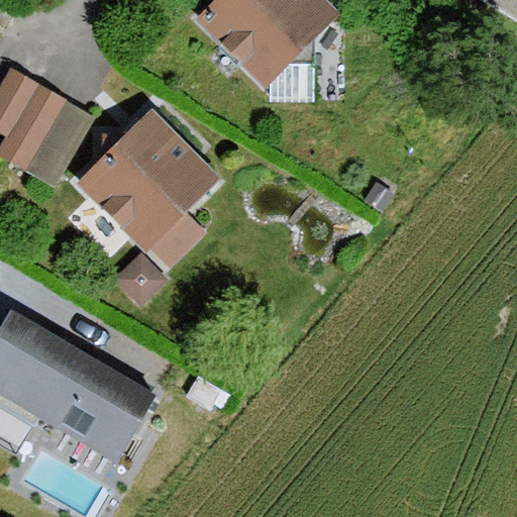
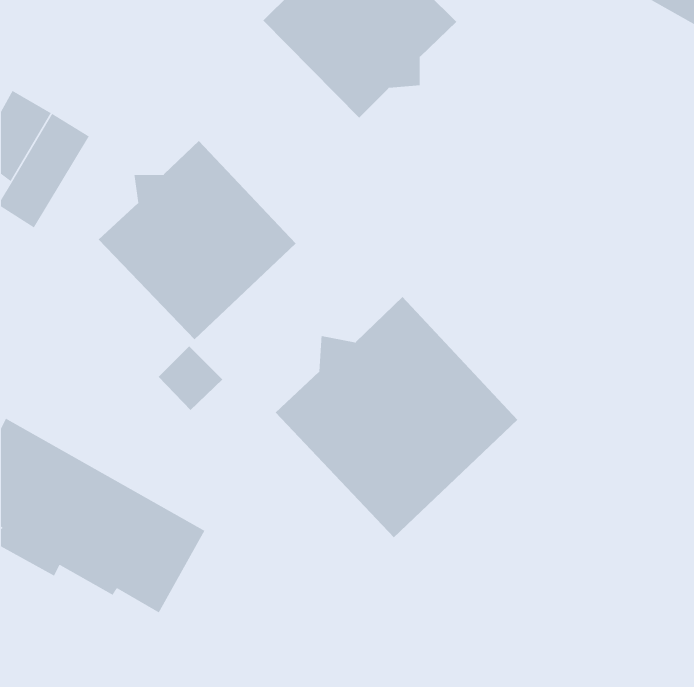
building: none -> [275,296,518,538]

